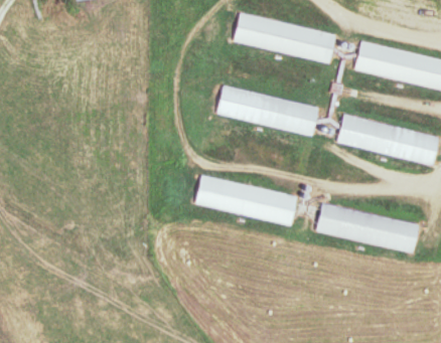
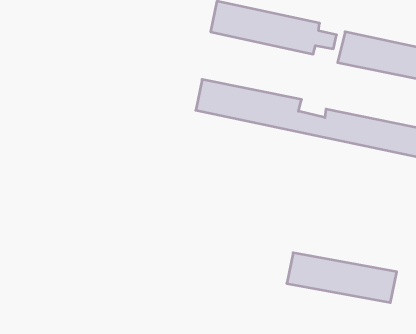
building: [192,176,296,223] -> none
building: [315,204,420,251] -> [287,253,397,303]

